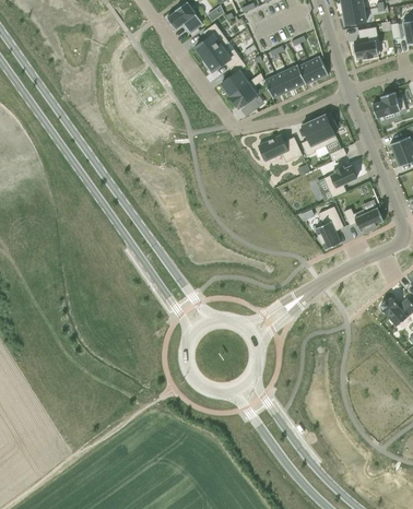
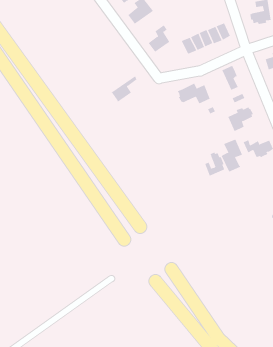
building: [203,42,241,71] -> none
building: [229,73,263,108] -> [111,75,137,103]
building: [302,118,328,156] -> none
building: none -> [204,152,225,176]

